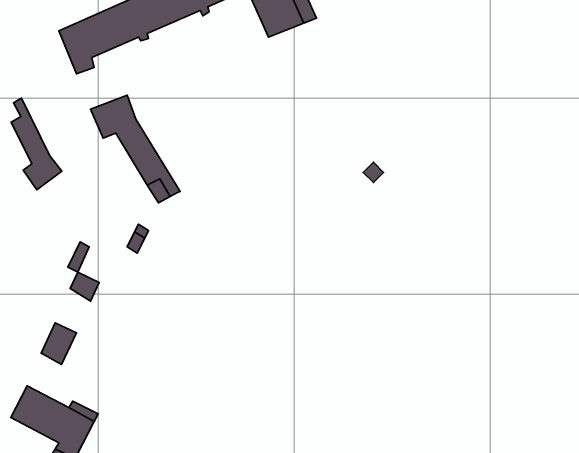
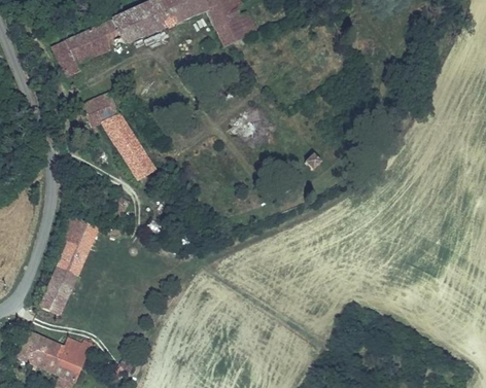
building: [11,98,62,190] -> none
building: none -> [71,217,98,246]
building: none -> [53,249,81,287]

